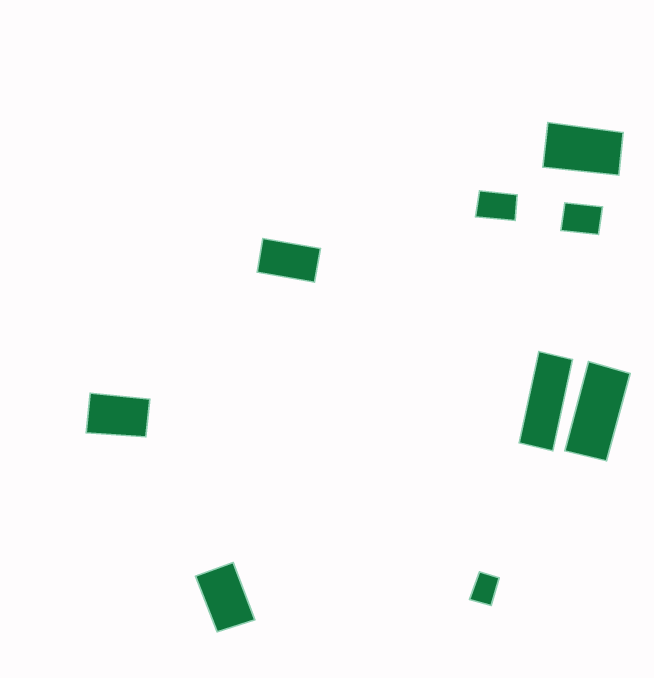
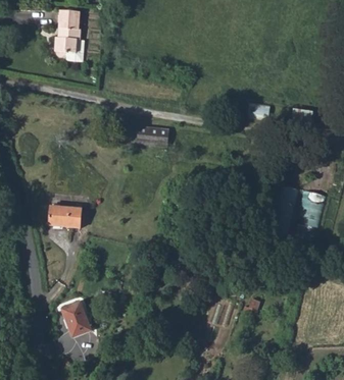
building: none -> [54,9,85,62]
building: [543,122,623,175] -> none
building: [195,562,255,632] -> [60,298,91,334]

